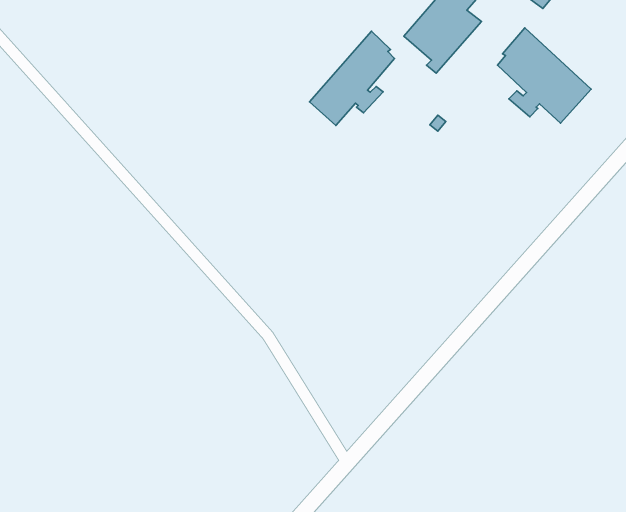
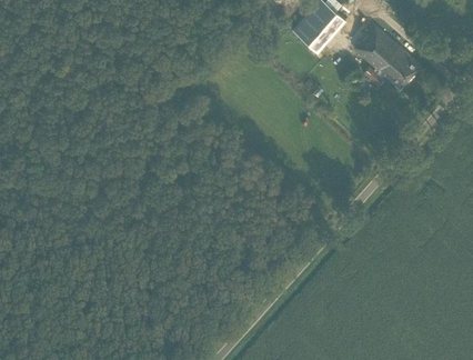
building: [310,31,395,126] -> none

